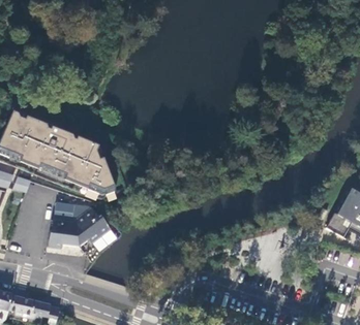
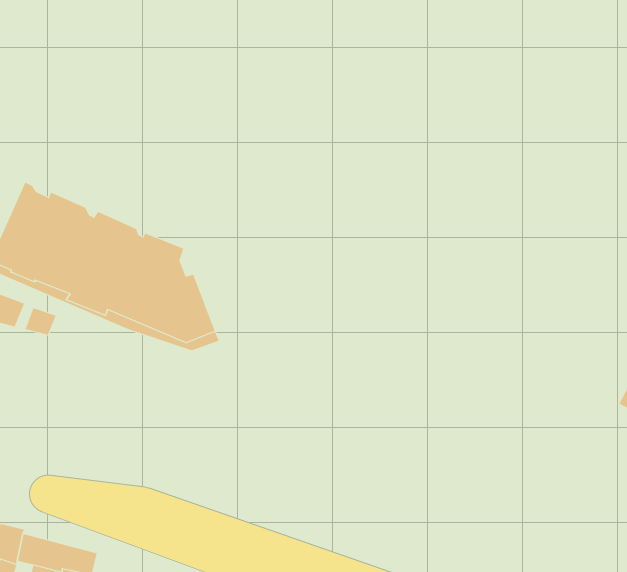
building: [50,203,112,249] -> none

